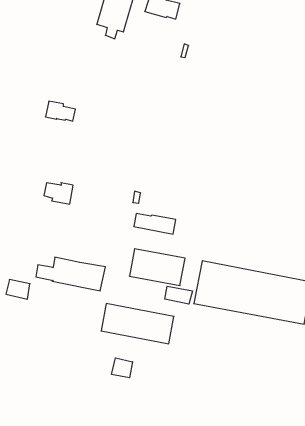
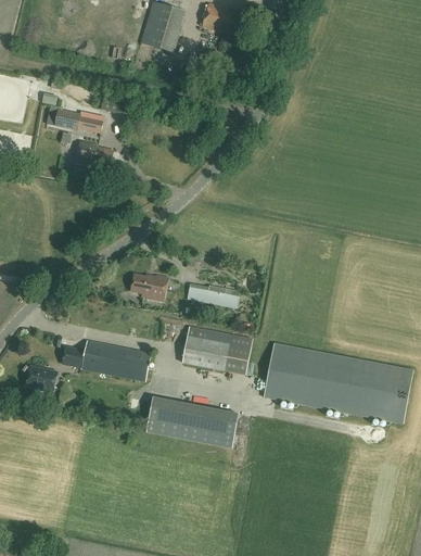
building: none -> [54,109,103,132]
building: [44,183,73,204] -> [130,274,167,301]
building: [165,286,192,304] -> none
building: [112,358,133,378] -> none

